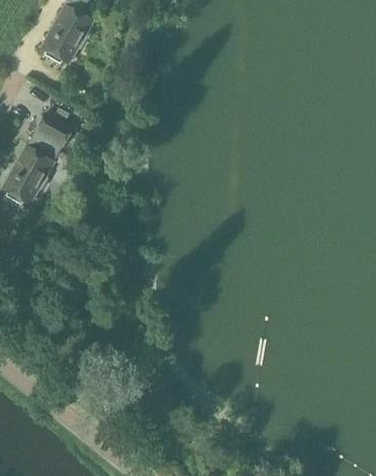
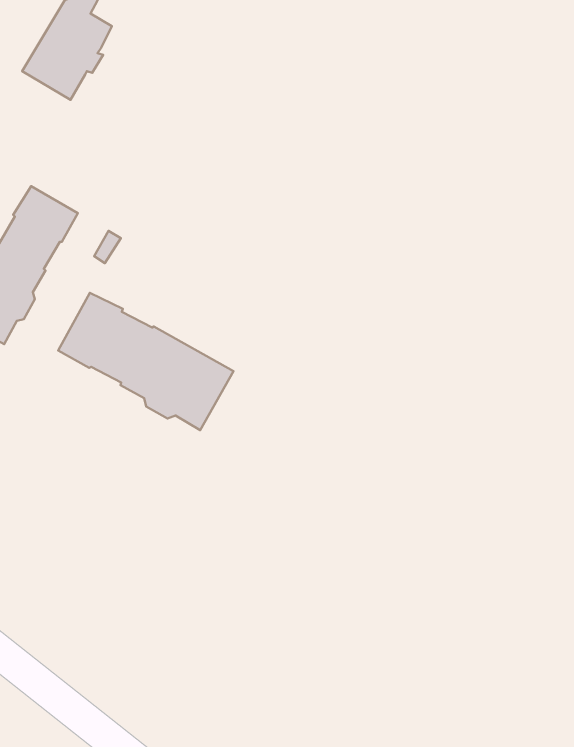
building: none -> [58,293,234,430]

